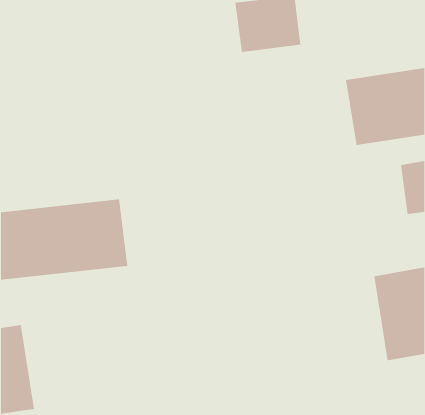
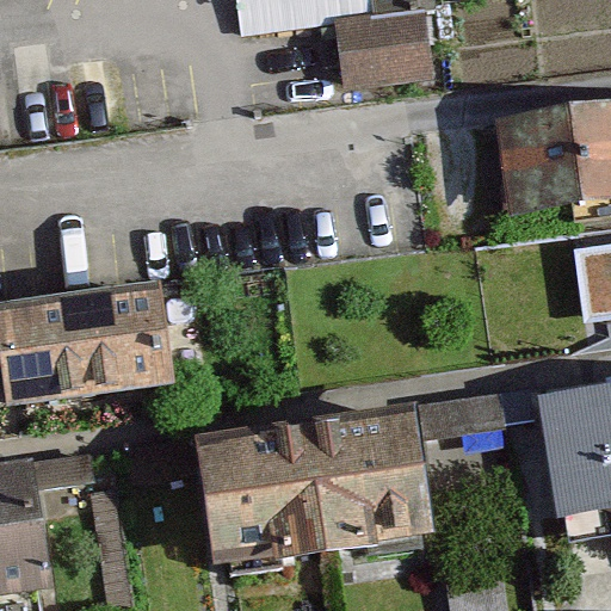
building: none -> [196,411,431,566]

